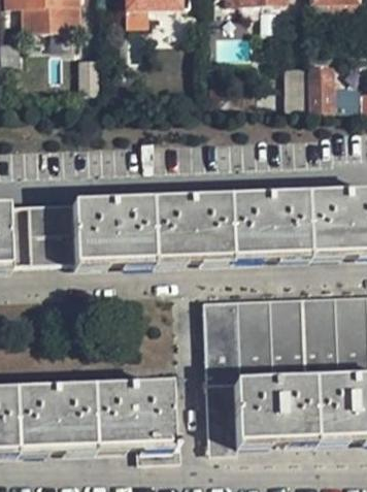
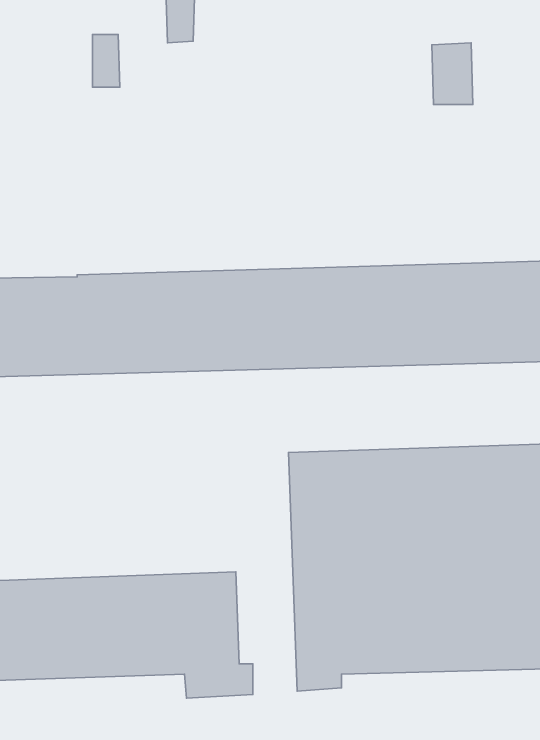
building: [312,59,345,103] -> none

